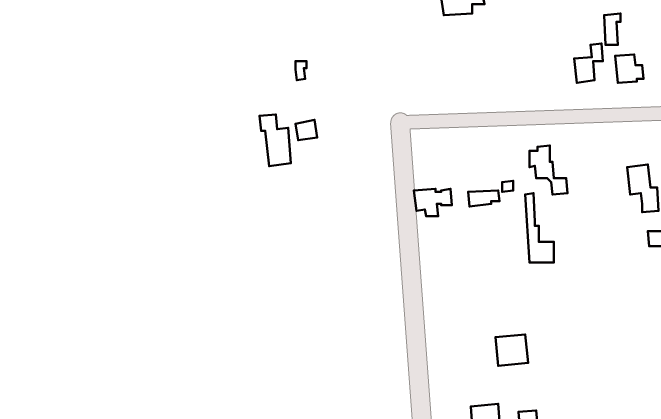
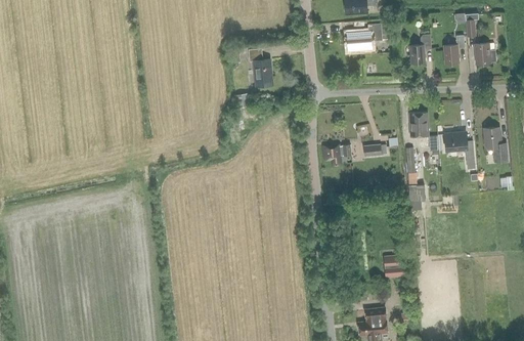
building: none -> [346,24,382,49]
building: none -> [409,33,431,62]
building: [260,114,291,166] -> [248,46,271,85]
building: none -> [444,131,475,167]

